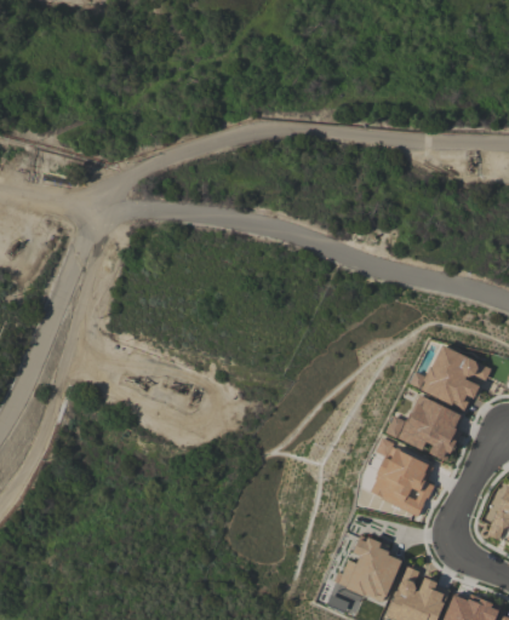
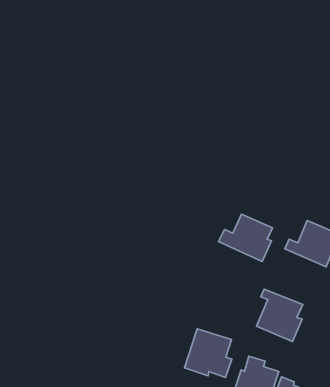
building: [387,395,463,461] -> [218,214,272,261]
building: none -> [184,329,232,378]

